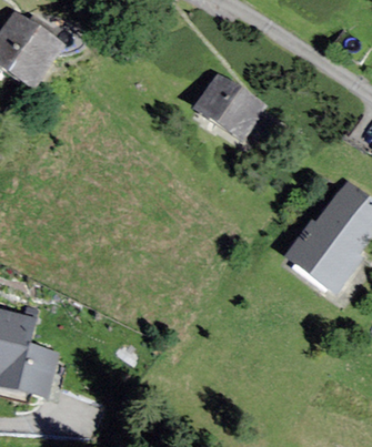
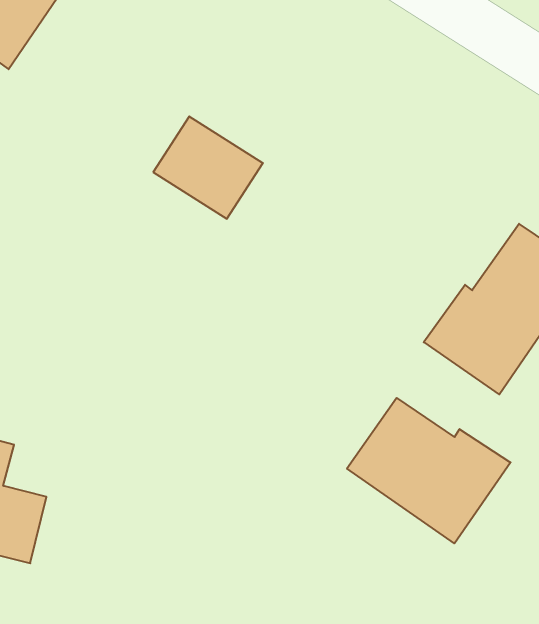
building: [195,73,263,136] -> [153,116,263,219]
building: none -> [347,398,511,543]

